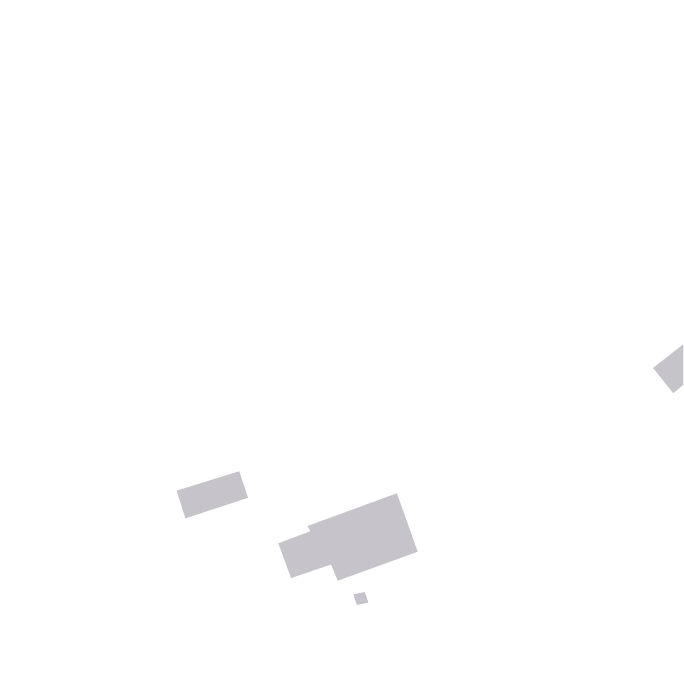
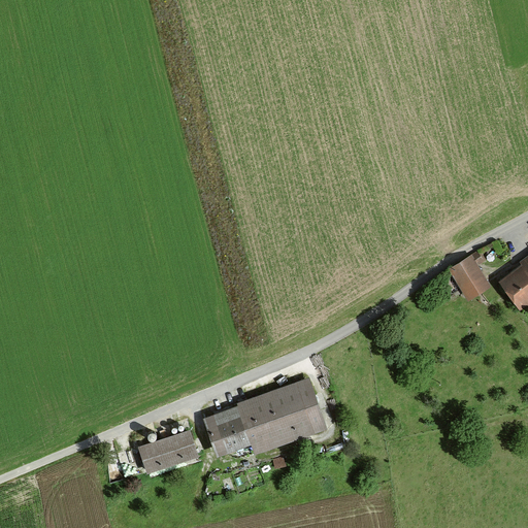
building: none -> [450,253,486,297]
building: [175,470,249,520] -> [138,433,195,471]

